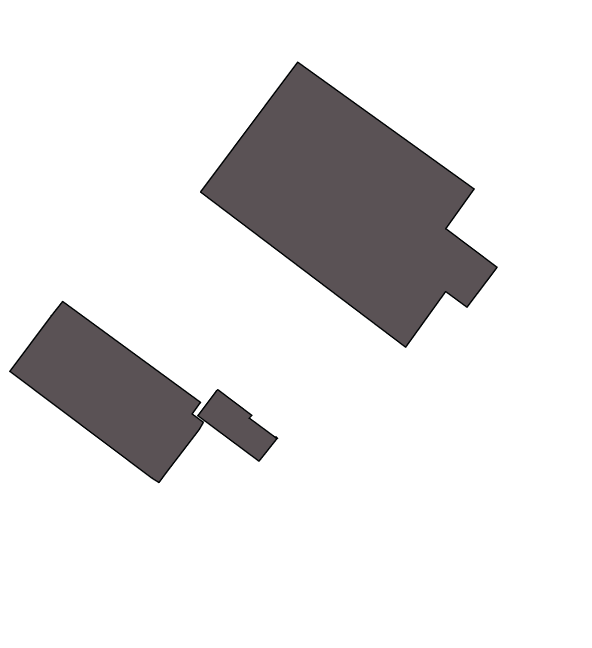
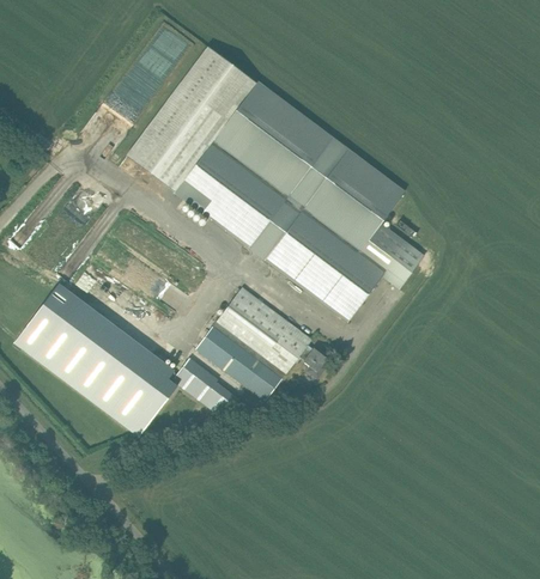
building: none -> [127,45,256,189]
building: none -> [196,287,327,398]

